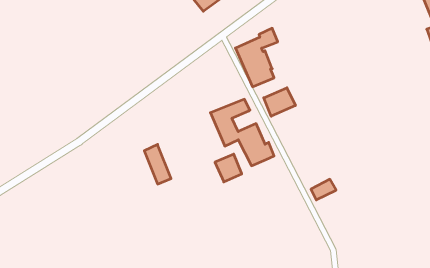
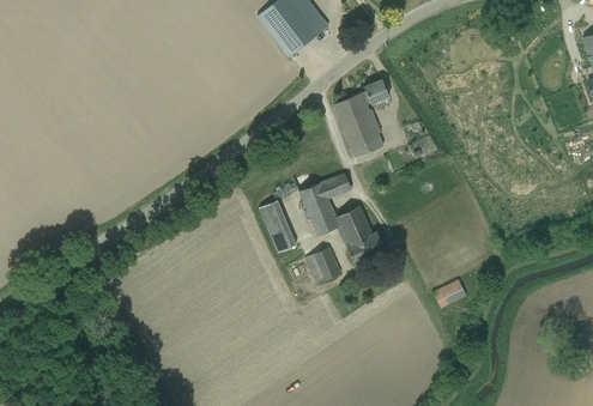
building: [264,88,295,116] -> none
building: [144,144,171,184] -> [260,199,296,252]

